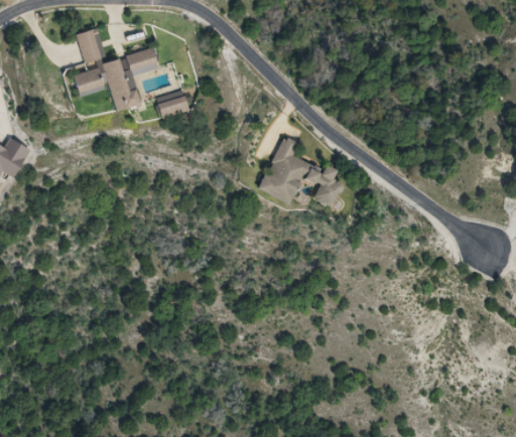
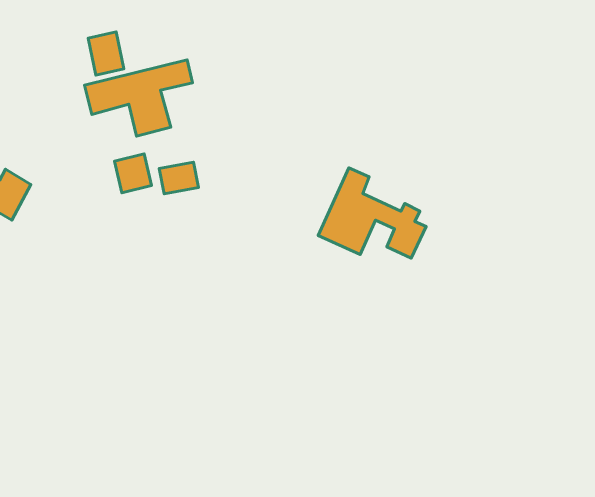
building: [157,92,188,117] -> [159,162,198,194]
building: none -> [114,154,152,193]

